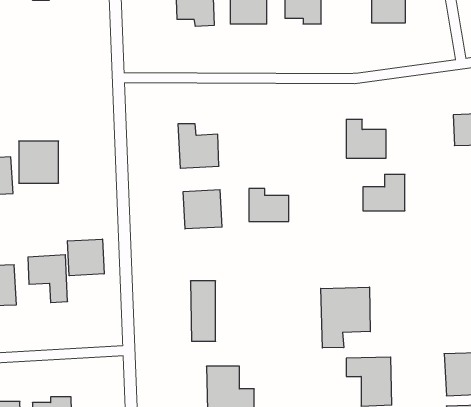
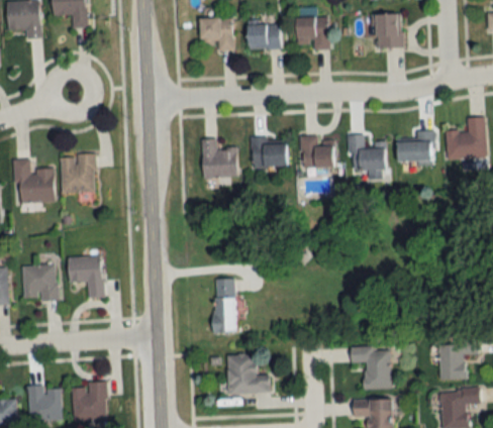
building: none -> [302,135,334,167]
building: [363,174,405,211] -> [397,129,434,162]
building: [249,189,289,221] -> [252,136,287,166]
building: [183,190,222,229] -> none
building: [68,239,104,276] -> none
building: [321,287,370,348] -> none

